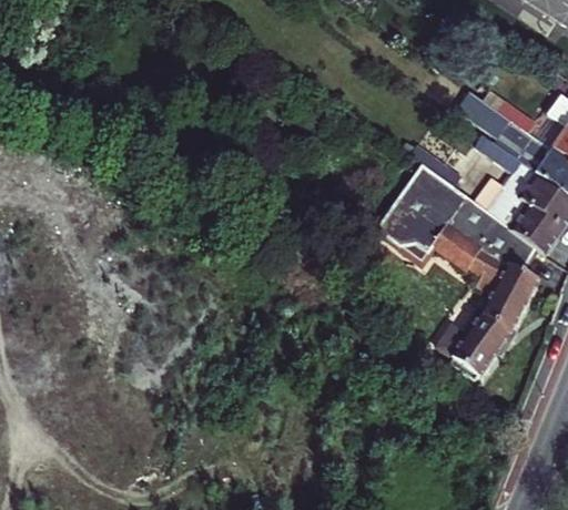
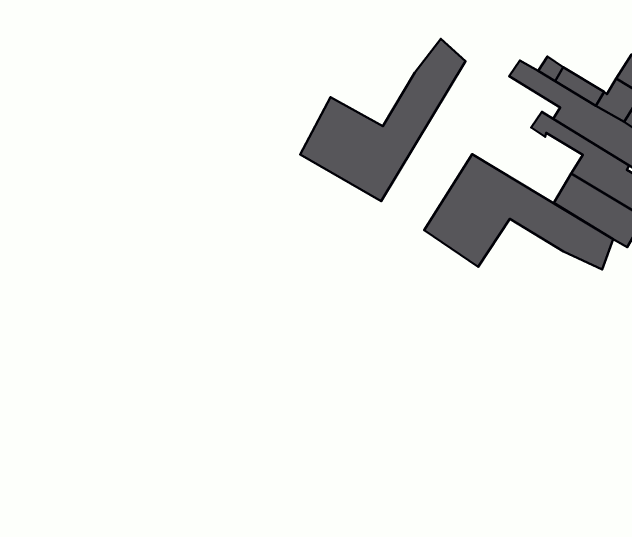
building: none -> [300,39,466,201]
building: [433,223,537,379] -> none

